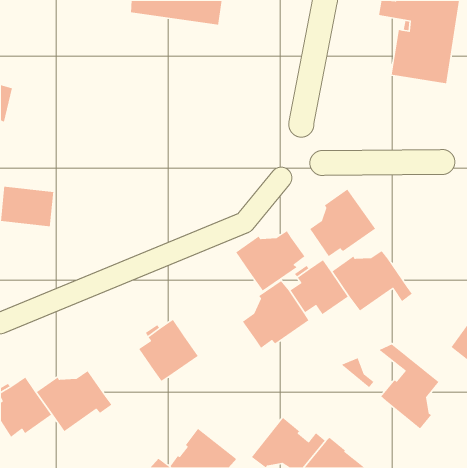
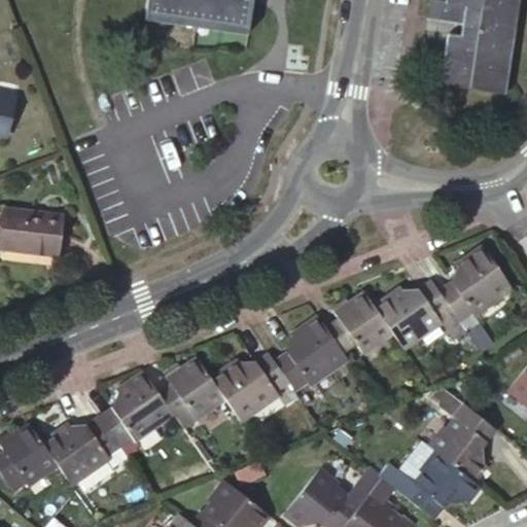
building: [309,189,376,257] -> [437,245,513,322]
building: [235,230,306,291] -> [209,353,288,422]
building: none -> [100,371,173,446]
building: none -> [379,451,480,522]

